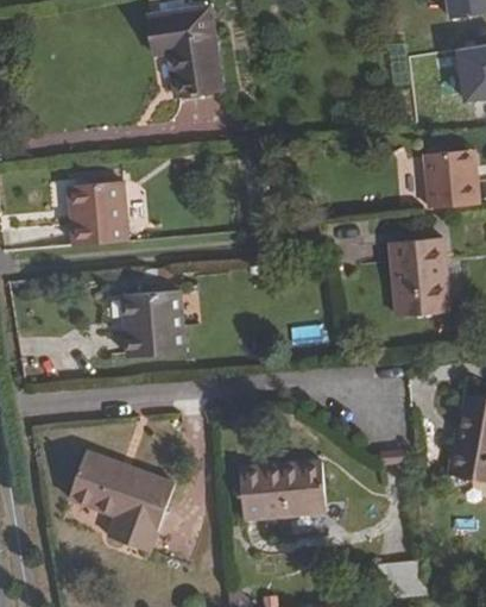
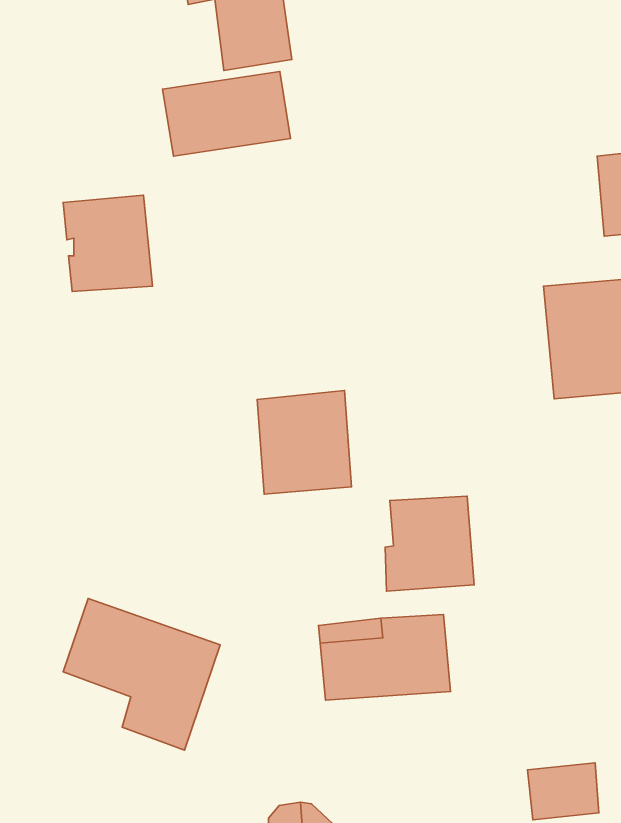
building: none -> [163,71,291,156]
building: [122,288,185,357] -> [257,391,352,494]
building: none -> [385,496,474,591]

